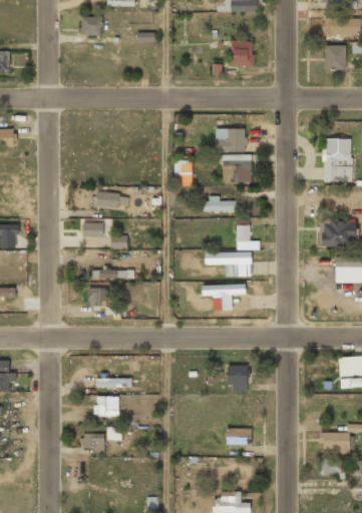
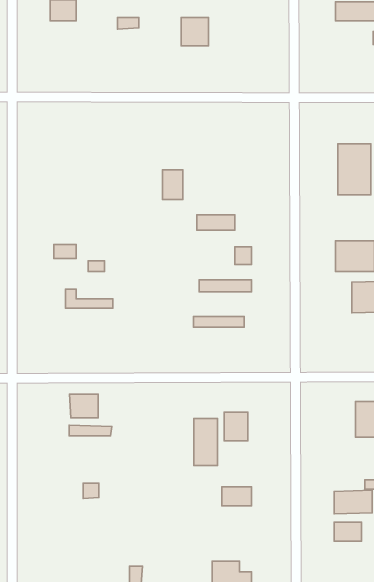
building: [231,41,254,65] -> [181,18,208,46]
building: [325,45,346,70] -> none
building: [217,128,247,151] -> none
building: [223,162,250,182] -> none
building: [96,192,128,207] -> none
building: [88,289,109,306] -> none
building: none -> [194,419,218,466]
building: [95,395,119,415] -> [70,394,98,418]
building: [82,434,104,451] -> none

